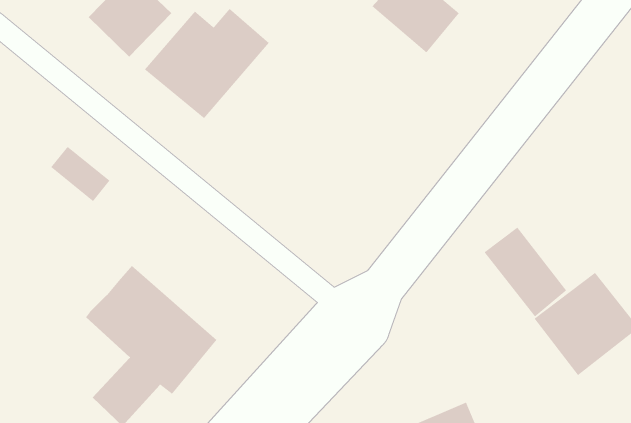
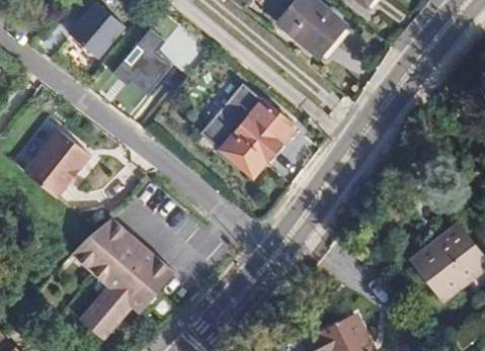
building: none -> [204,82,297,176]
building: none -> [20,144,73,195]
building: [484,227,567,318] -> none

